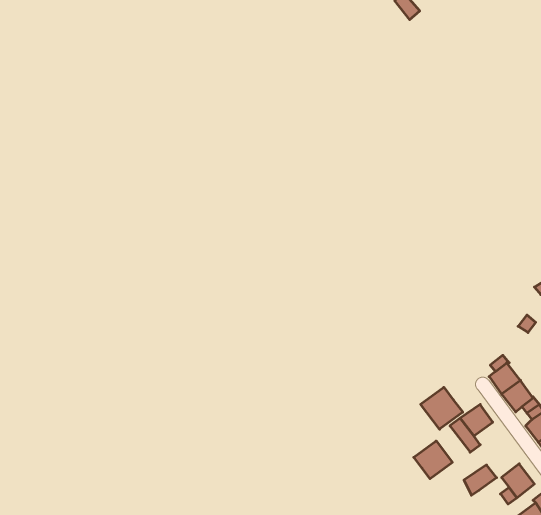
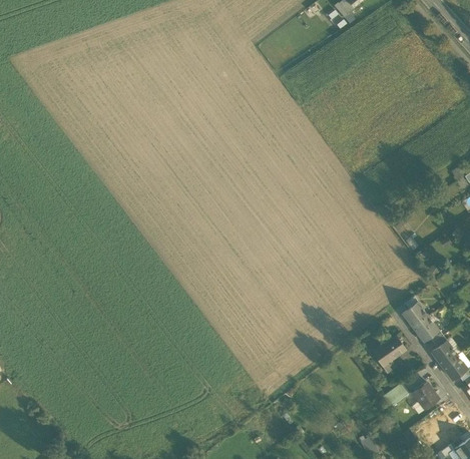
building: [421,387,463,429] -> none
building: [414,441,452,479] -> none

